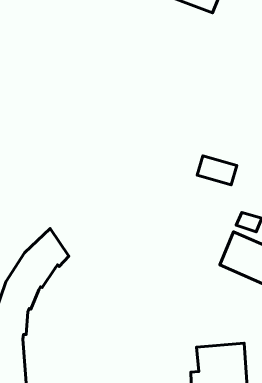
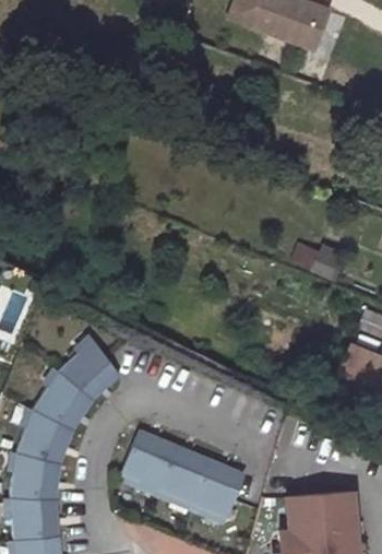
building: none -> [121,431,244,517]

